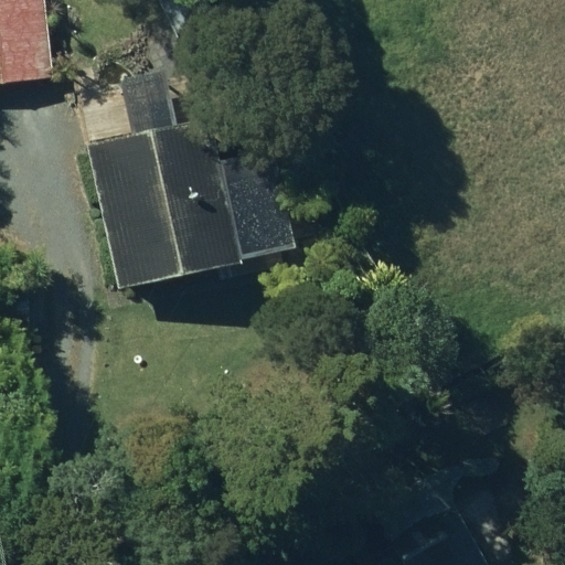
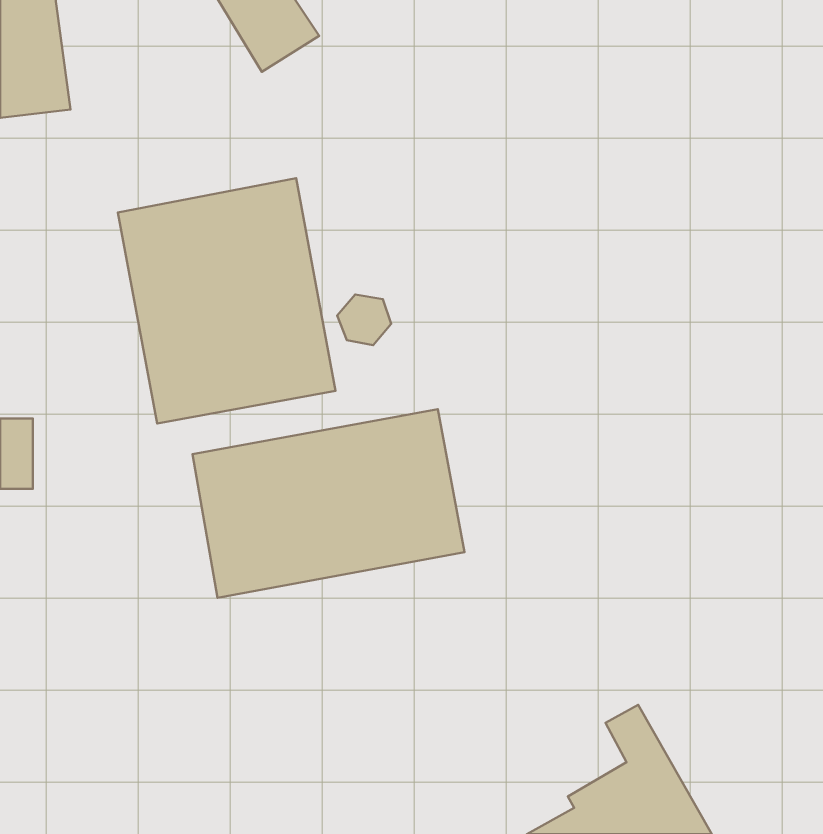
building: none -> [192,409,464,598]

